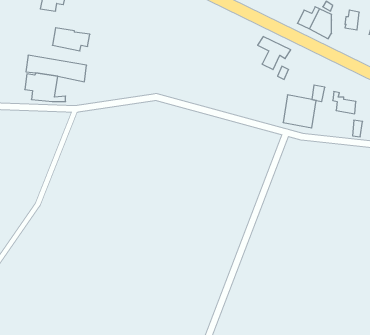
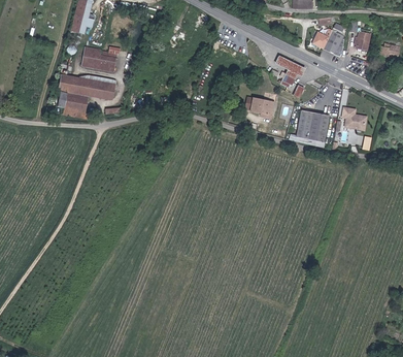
building: none -> [246,92,275,113]

